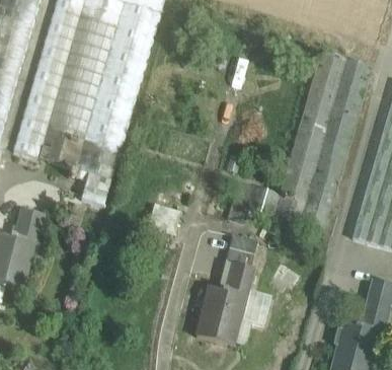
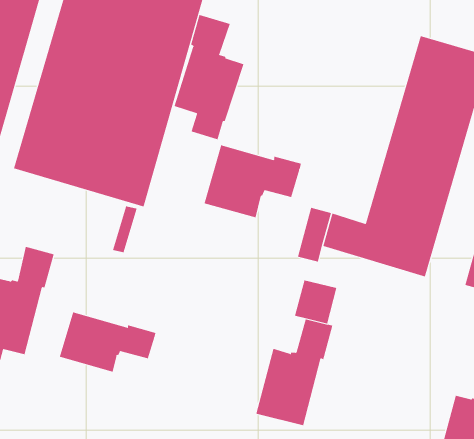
building: none -> [174,14,244,140]
building: none -> [204,144,302,218]
building: none -> [59,311,156,373]

